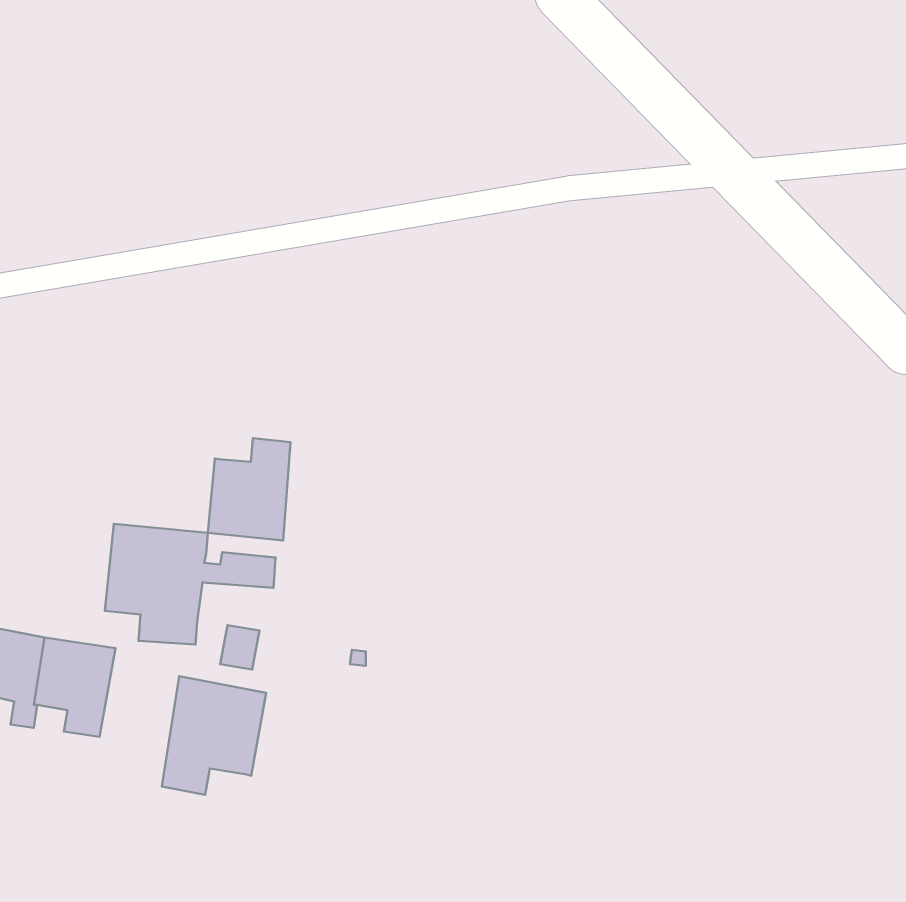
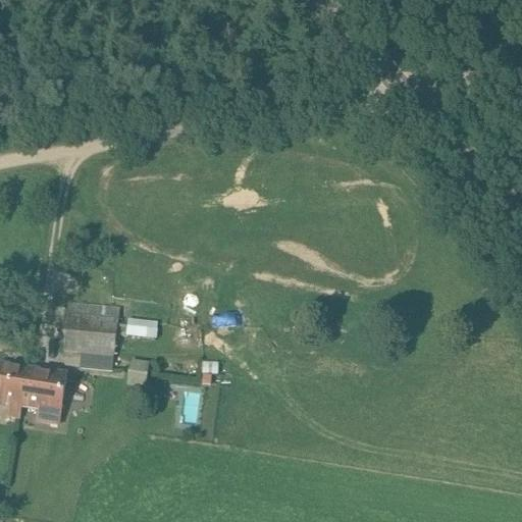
building: [208,438,290,540] -> none
building: [162,676,266,795] -> none

